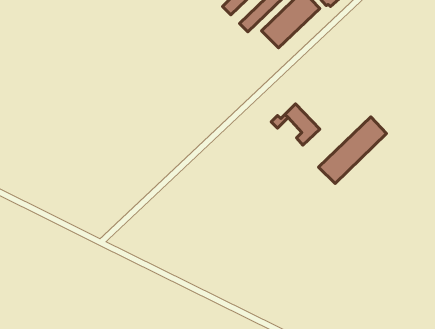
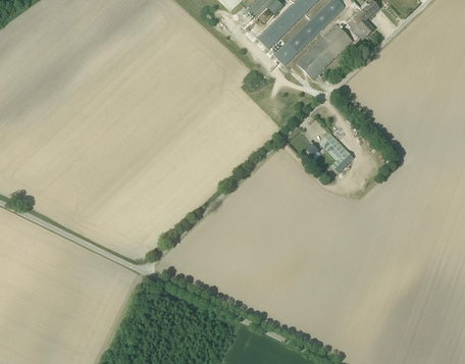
building: [319,117,386,183] -> none

